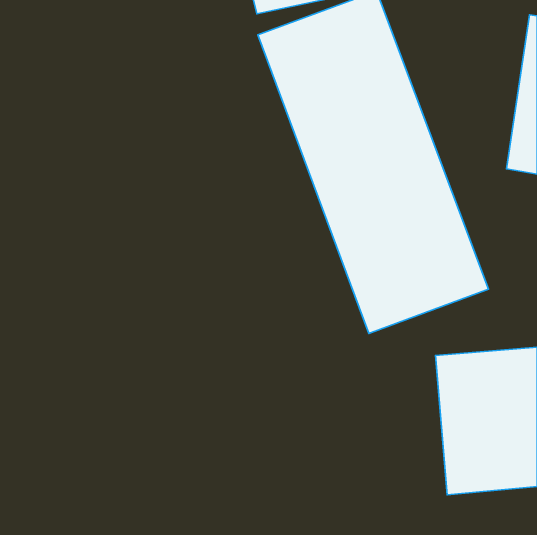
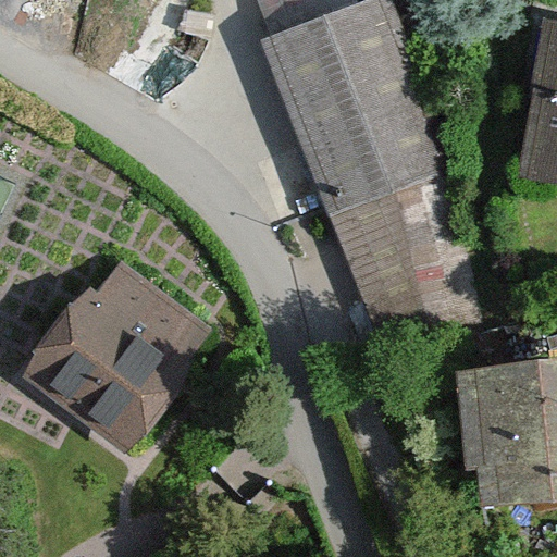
building: none -> [24,250,220,450]

